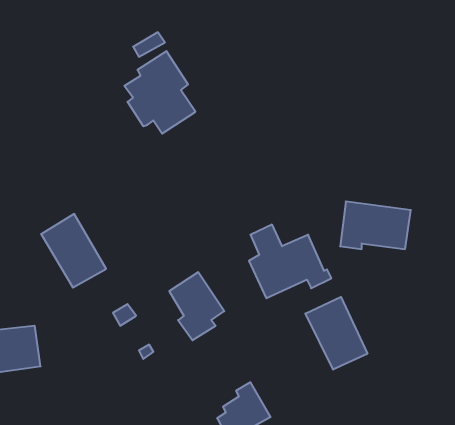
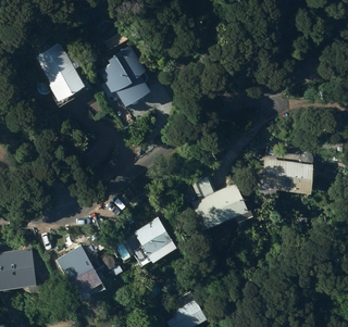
building: none -> [36,45,85,101]
building: [41,214,106,288] -> [55,244,104,300]
building: [305,297,367,370] -> none

